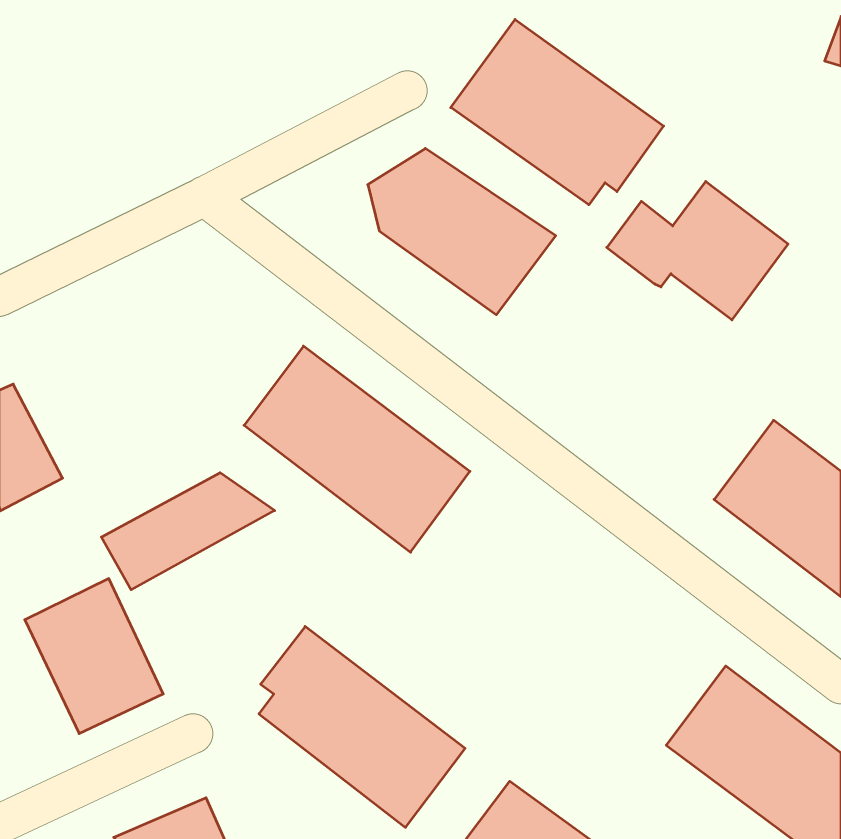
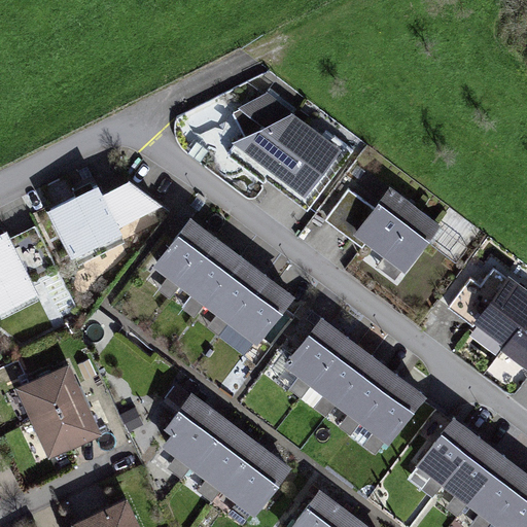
building: [451,19,664,205] -> none
building: [607,181,788,320] -> [329,192,443,279]
building: [101,473,275,590] -> [46,187,154,260]
building: none -> [283,317,425,446]

